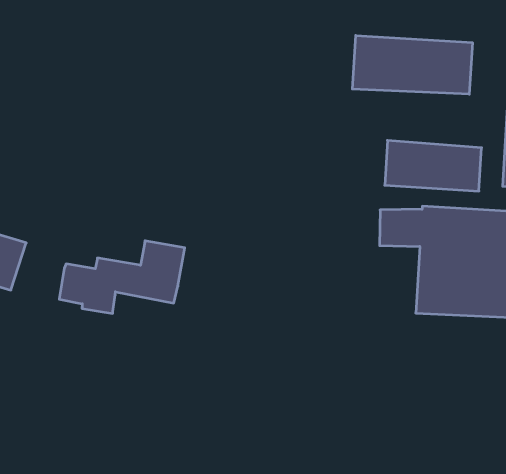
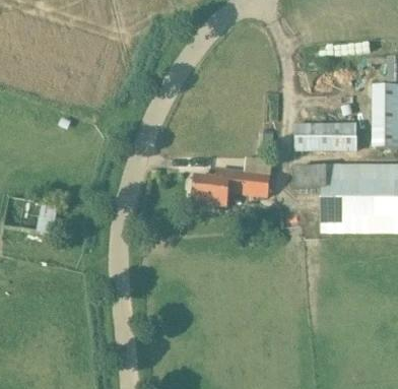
building: [352,35,472,94] -> none
building: [59,241,185,313] -> [193,156,273,205]

